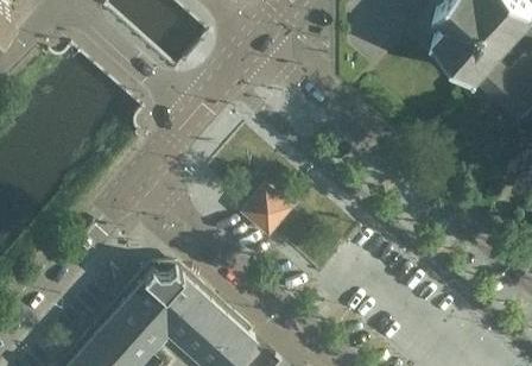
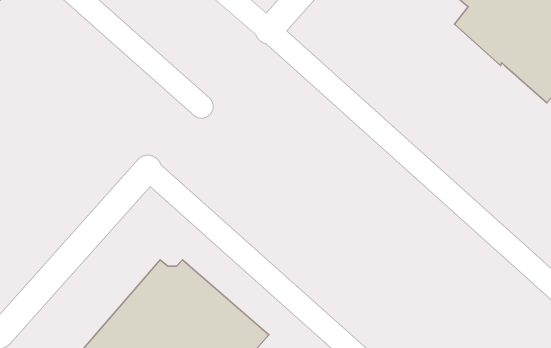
building: [248,185,293,231] -> none

